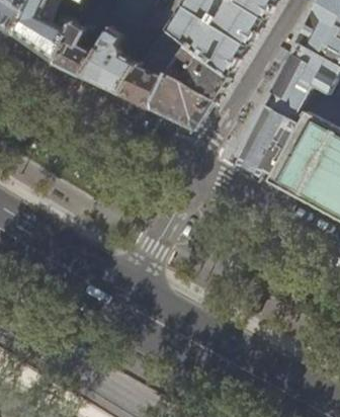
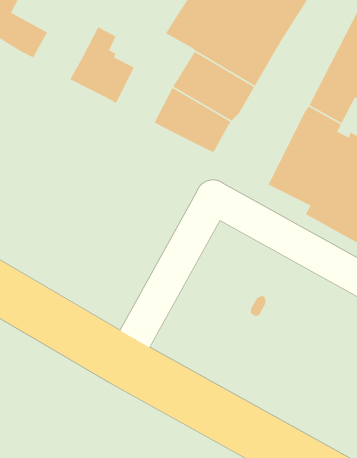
building: [49,22,88,71] -> none
building: [116,61,162,106] -> none

